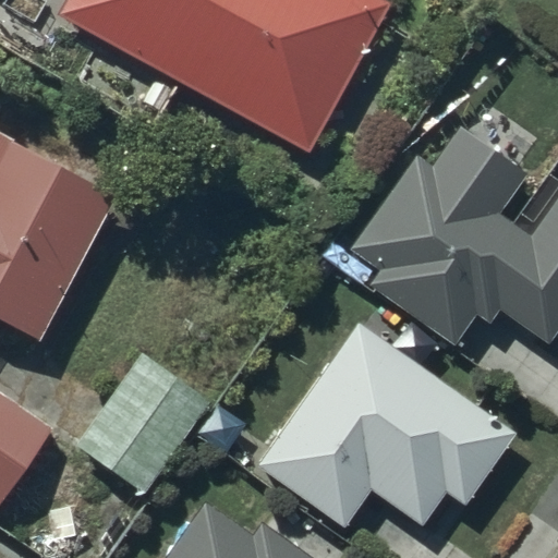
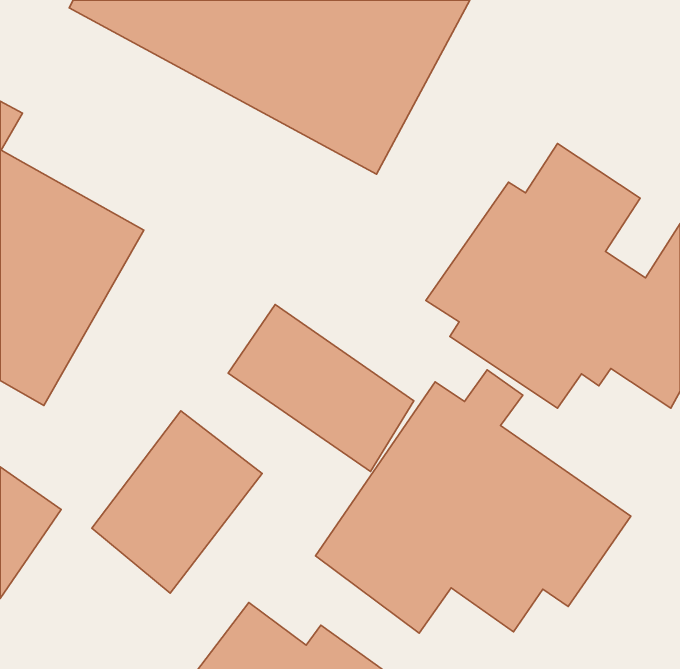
building: none -> [228,305,414,471]

